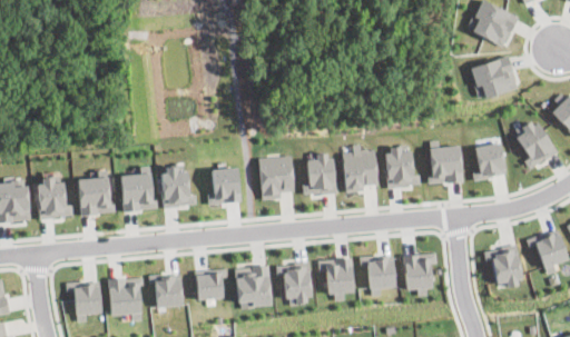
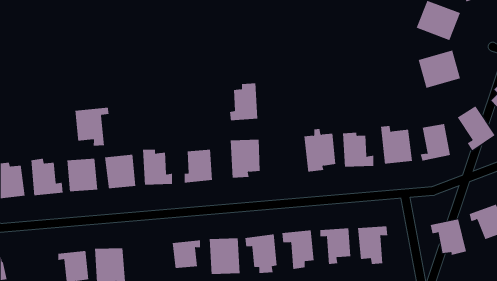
building: none -> [75,107,109,147]
building: [303,153,335,196] -> [229,83,258,121]
building: [149,274,184,309] -> none

